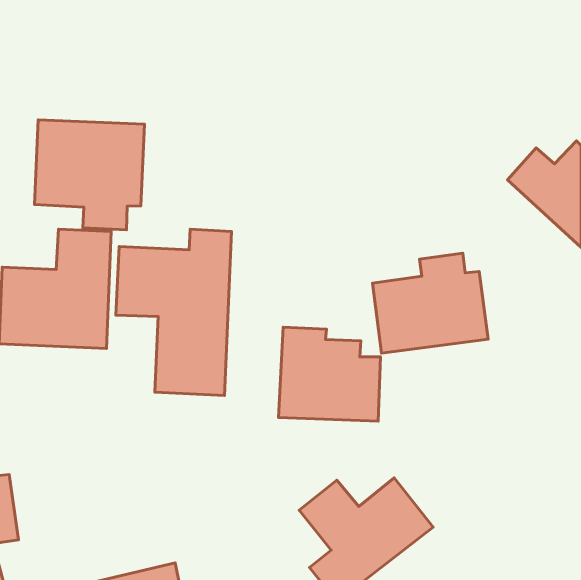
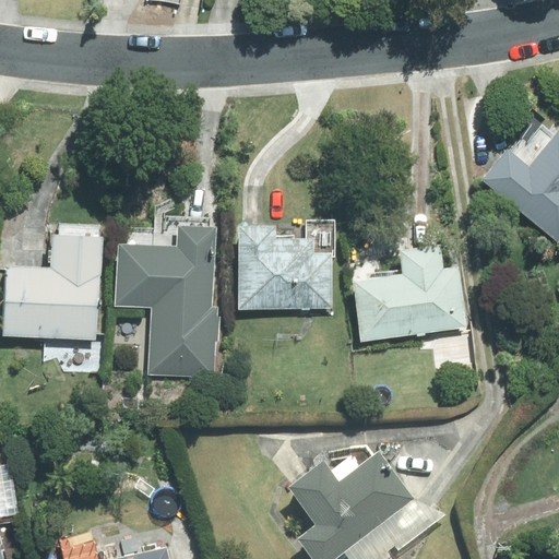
building: [35,120,145,230] -> none
building: [278,327,380,421] -> [237,223,334,312]

